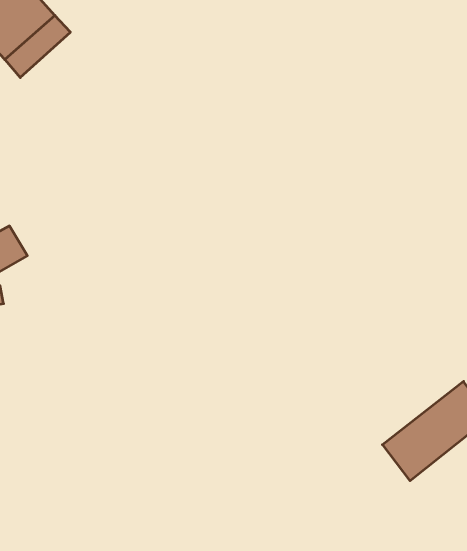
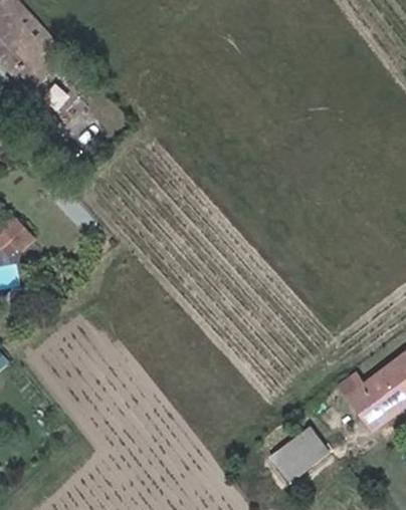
building: none -> [268,425,331,484]

